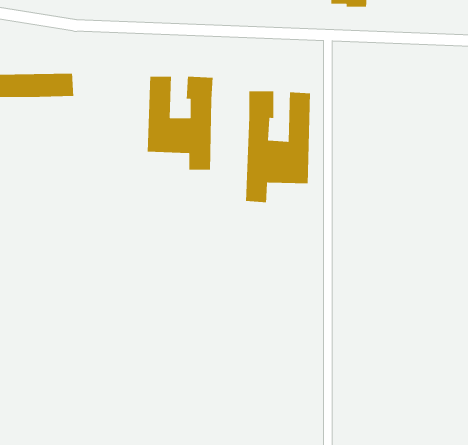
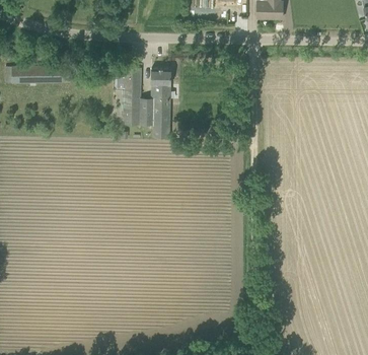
building: [245,90,311,203] -> none

